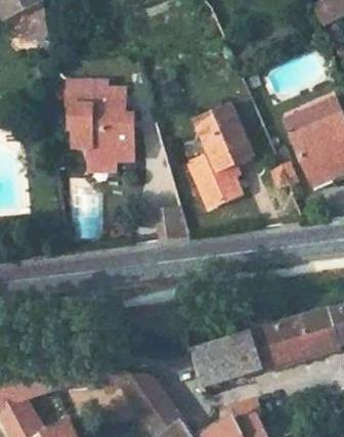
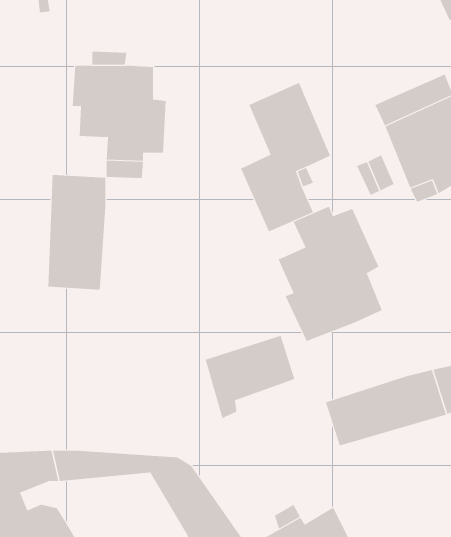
building: none -> [48,174,106,291]
building: none -> [278,206,382,342]
building: [193,335,259,395] -> [205,335,295,419]

